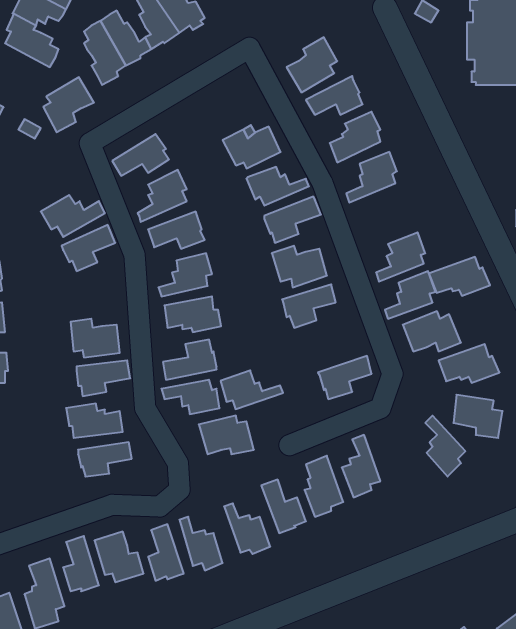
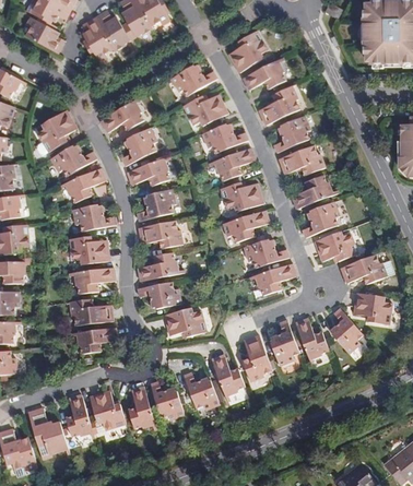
building: [43,77,94,132] -> [38,112,75,153]
building: none -> [169,67,216,97]
building: [429,257,490,296] -> [280,144,324,173]
building: none -> [71,204,116,232]
building: [221,370,283,409] -> [241,239,287,268]
building: none -> [294,318,328,357]

